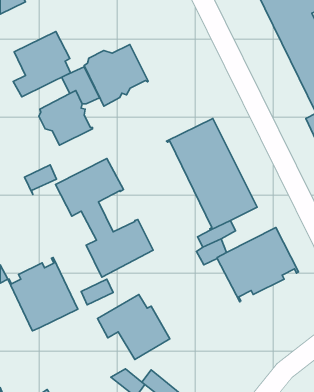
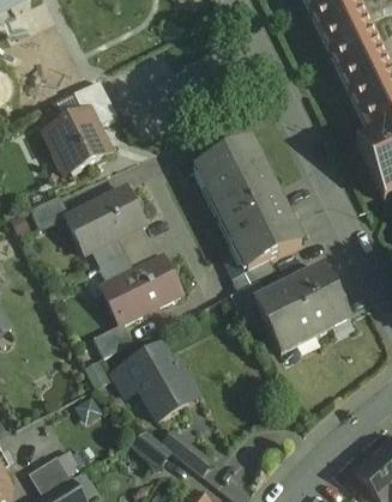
building: [13,31,70,97] -> none
building: [84,44,148,106] -> none
building: none -> [116,223,158,271]
building: [8,257,78,331] -> none

